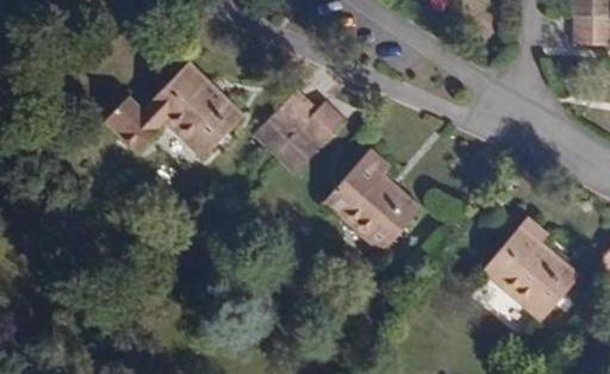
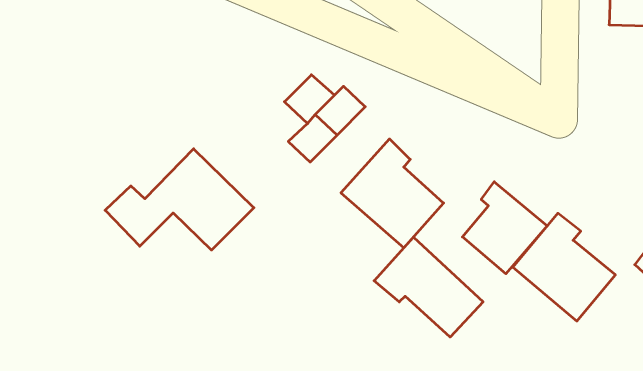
building: [105,62,243,156] -> [105,149,254,250]
building: none -> [462,182,547,274]
building: none -> [374,237,483,337]

